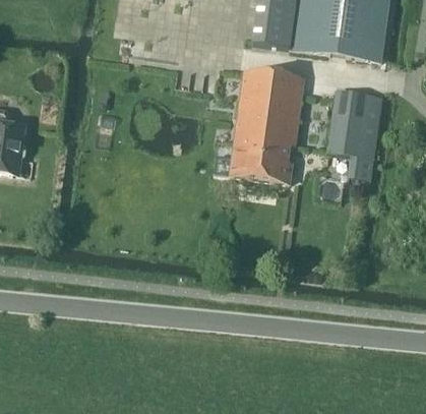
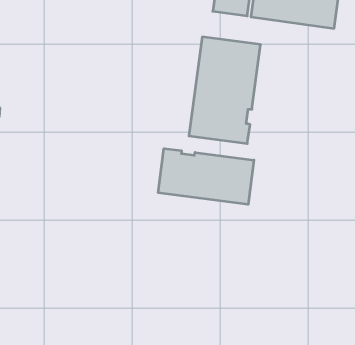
building: [328,88,382,178] -> none
building: none -> [158,149,254,204]

